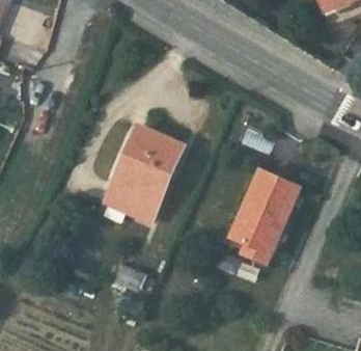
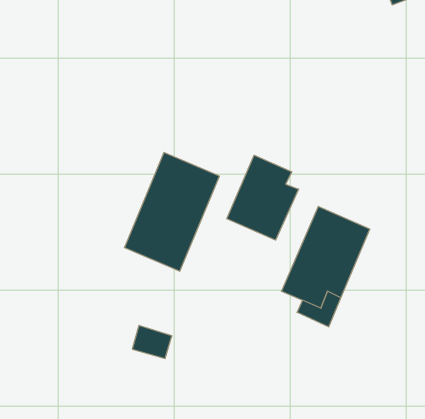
building: none -> [227,155,299,240]

